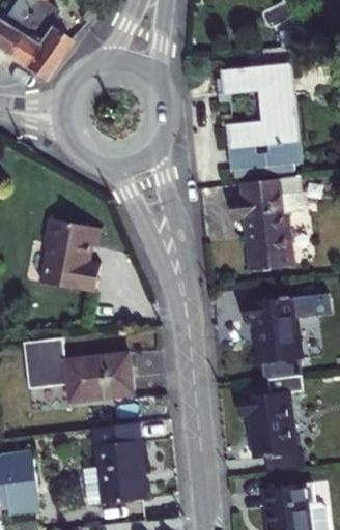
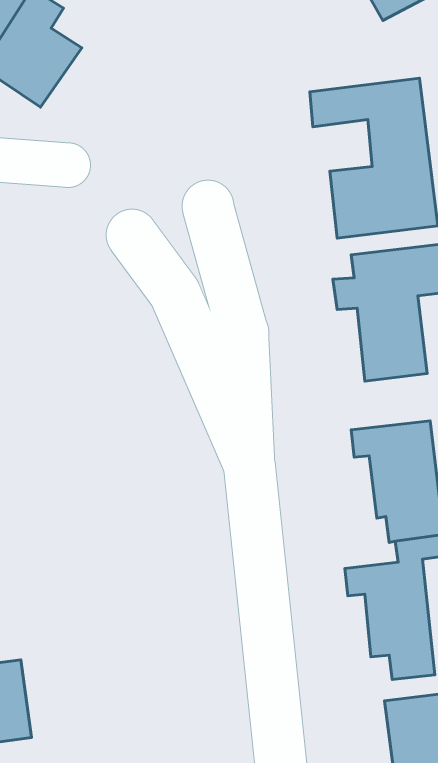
building: [31,217,93,293] -> none
building: [24,336,134,399] -> none
building: [85,420,144,502] -> none

